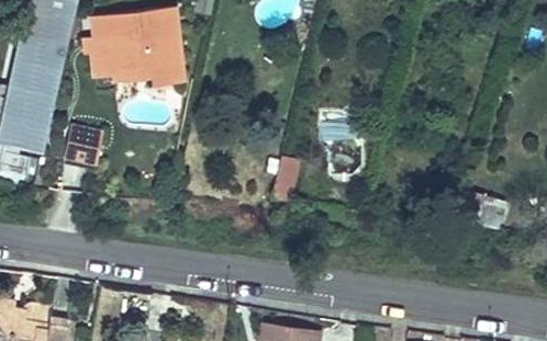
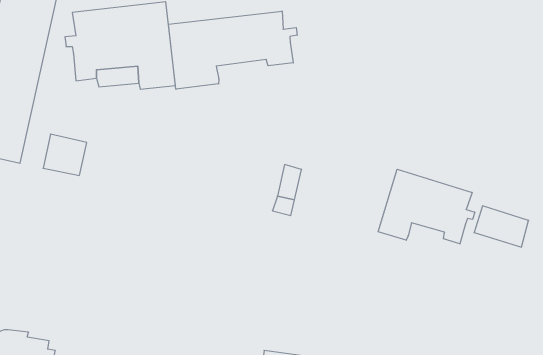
building: none -> [168,11,297,89]
building: none -> [378,169,475,244]

